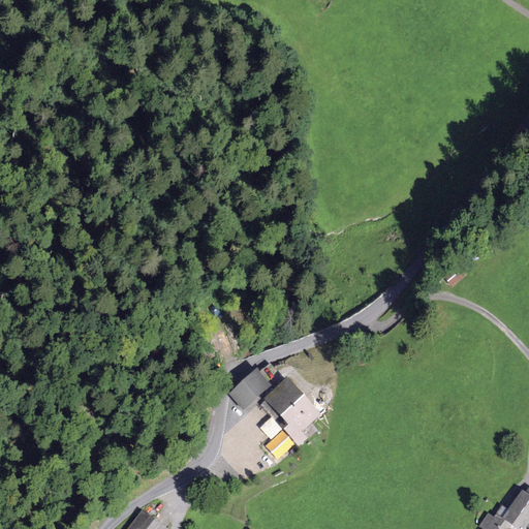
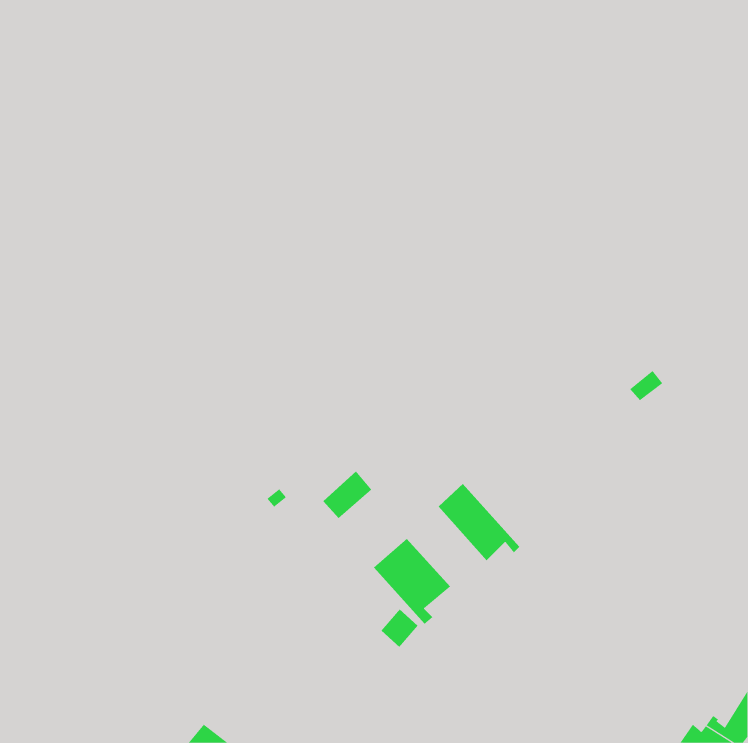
building: none -> [438,483,520,561]
building: [232,371,268,405] -> [322,471,372,519]

